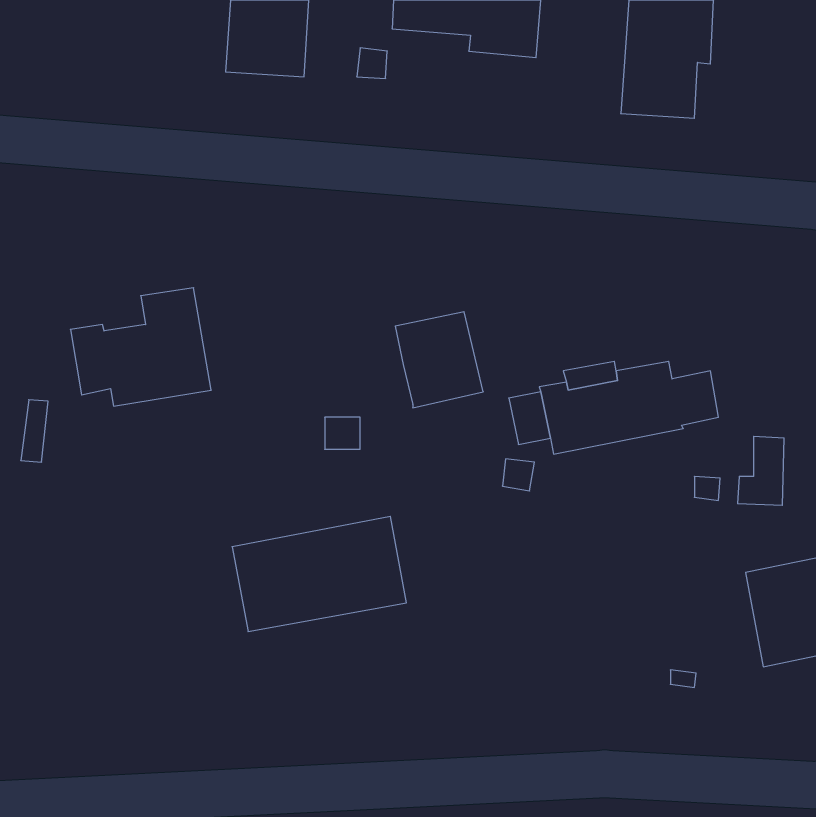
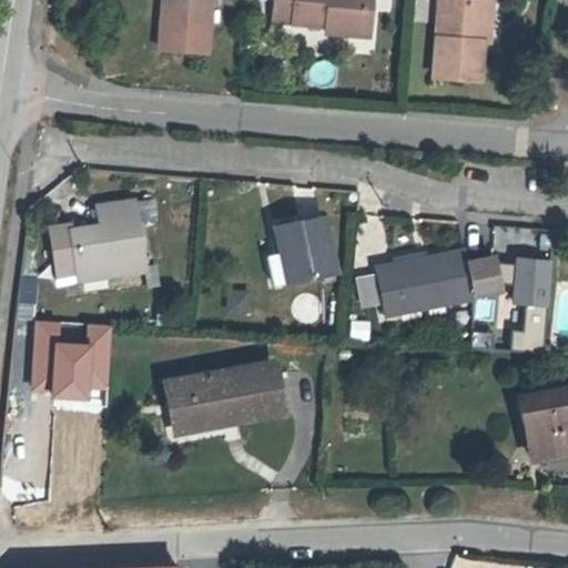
building: none -> [513,257,551,305]
building: none -> [33,323,112,400]

